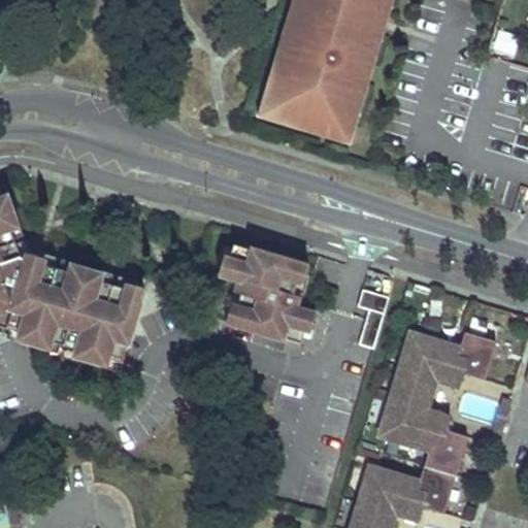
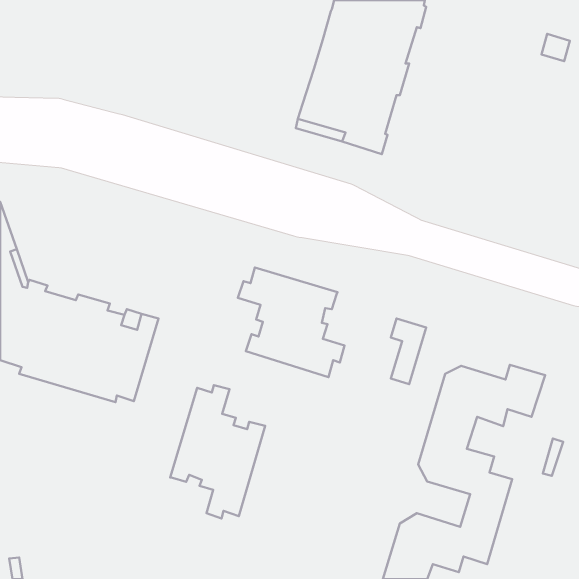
building: none -> [170,385,265,518]

